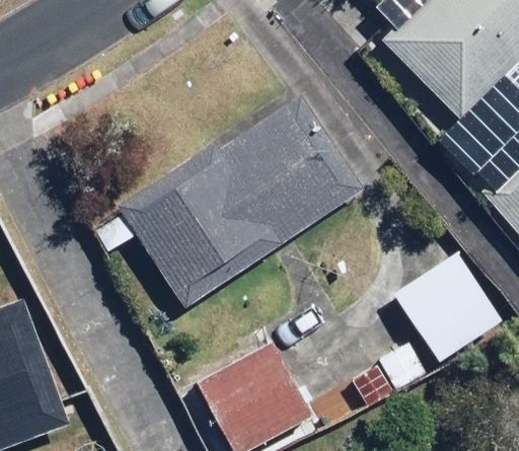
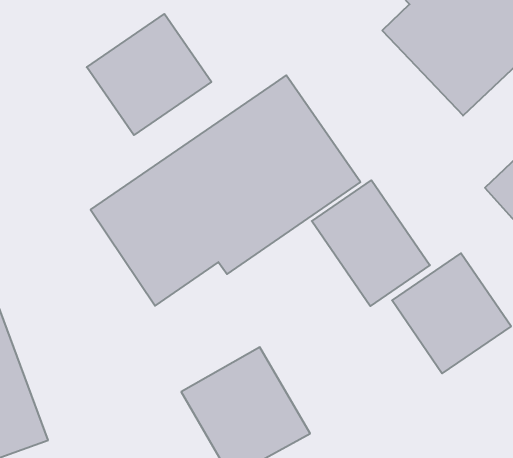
building: none -> [87,14,211,135]
building: none -> [312,180,430,306]

